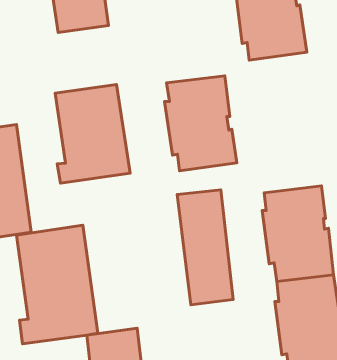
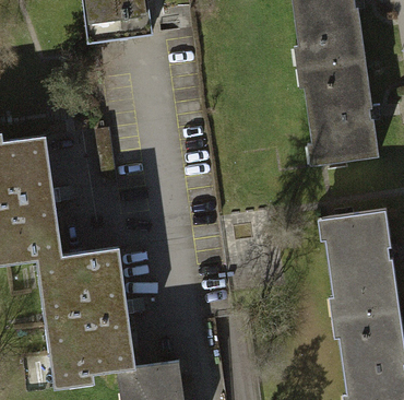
building: [165,76,237,171] -> [299,60,379,165]
building: [55,84,130,183] -> none
building: [177,190,233,305] -> none

